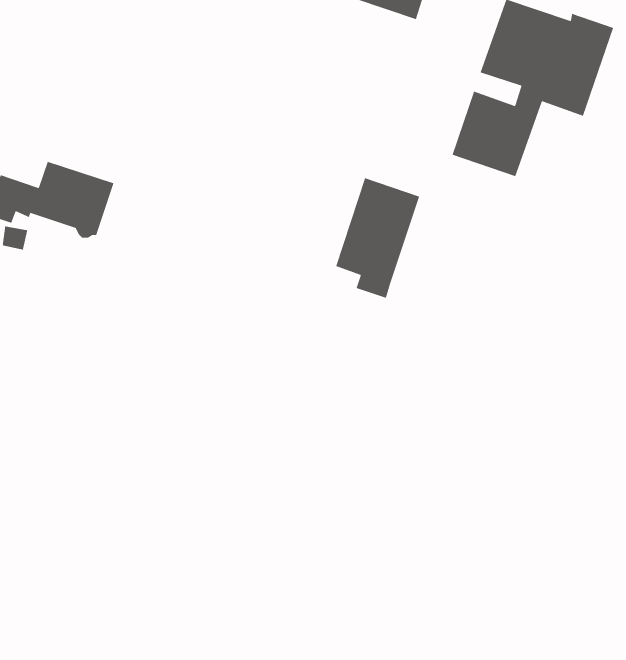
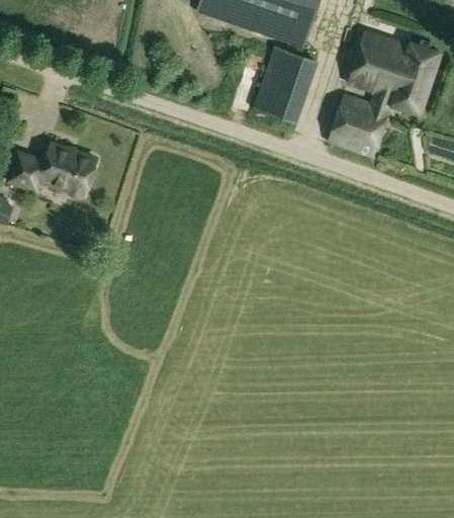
building: [335,177,420,299] -> [255,47,313,131]

